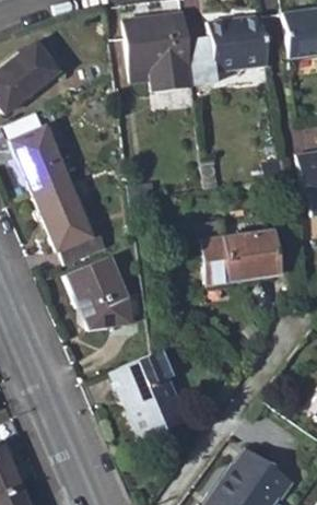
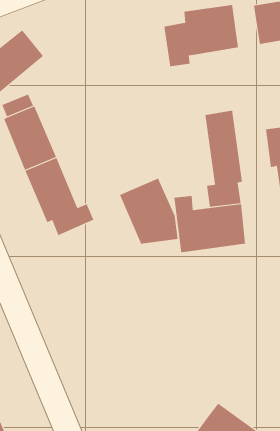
building: [125,14,191,89] -> none
building: none -> [205,110,242,207]
building: [70,257,134,329] -> [119,178,179,244]
building: [115,351,187,441] -> none

